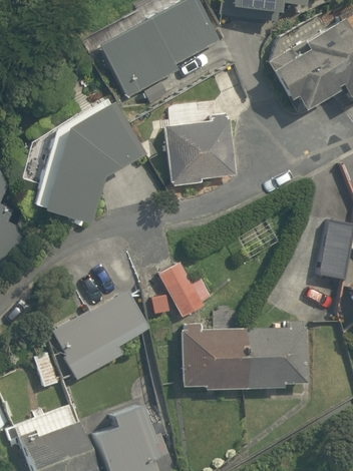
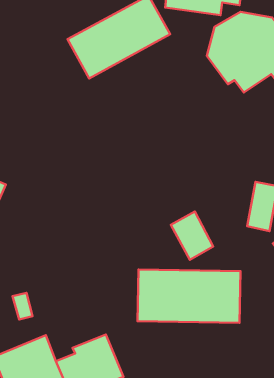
building: [36,98,145,227] -> none
building: [166,110,233,183] -> none
building: [154,258,206,316] -> [171,211,213,260]
building: [53,291,149,377] -> none

